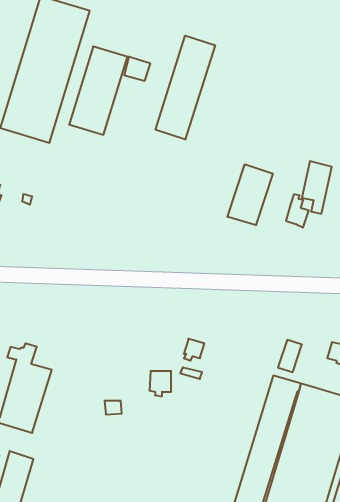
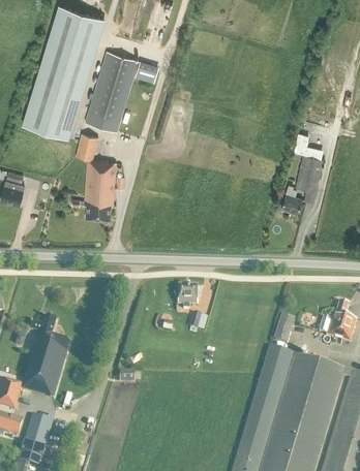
building: [155,36,215,140] -> none
building: none -> [76,132,115,219]
building: [227,164,273,225] -> none
building: [149,371,171,396] -> [177,287,197,310]

